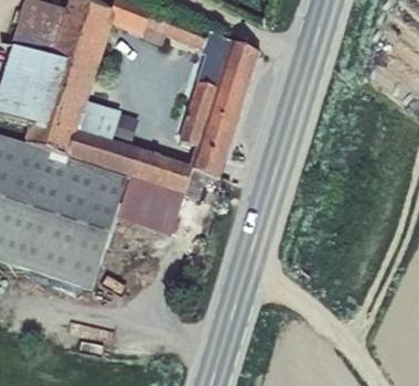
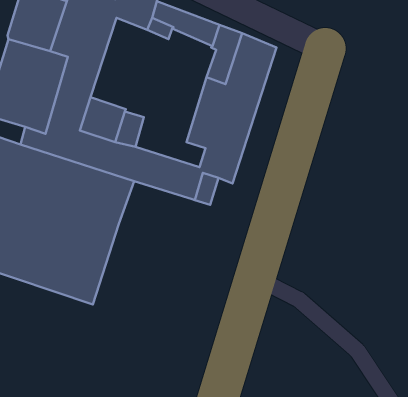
building: [114,176,182,235] -> none

